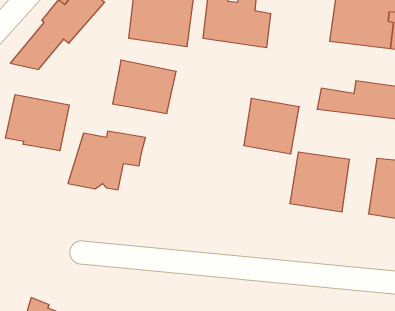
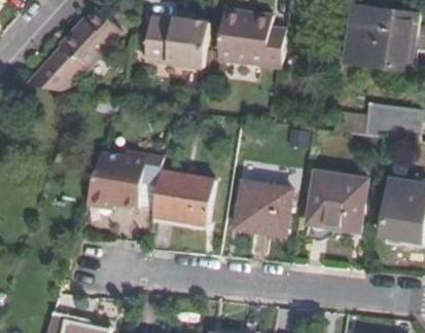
building: [112,60,176,113] -> [150,173,213,225]
building: [6,95,69,151] -> none
building: [244,98,299,154] -> [236,181,290,235]

